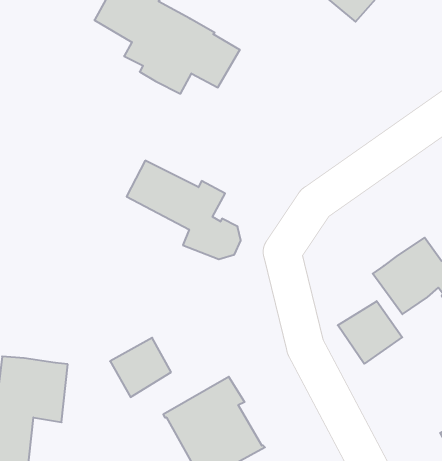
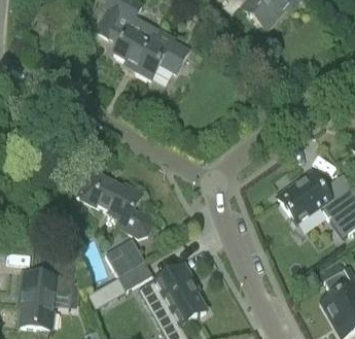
building: [127,161,241,259] -> [77,170,152,235]
building: [338,301,402,364] -> none
building: none -> [87,260,153,308]

